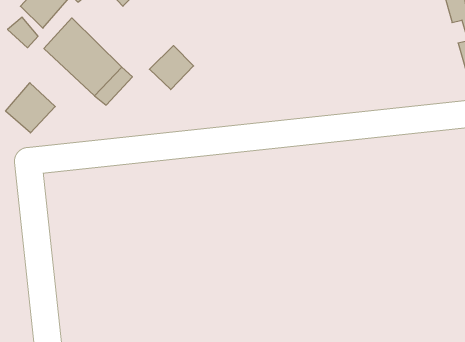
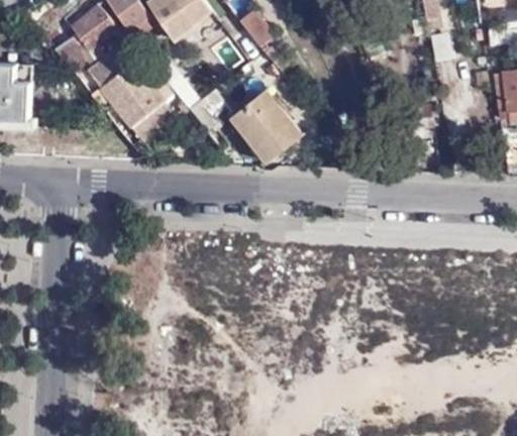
building: none -> [230,98,301,157]
building: [6,83,55,133] -> none

